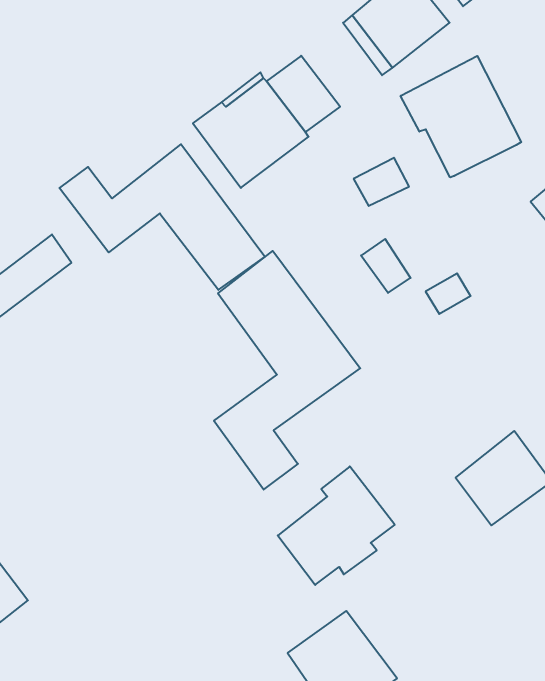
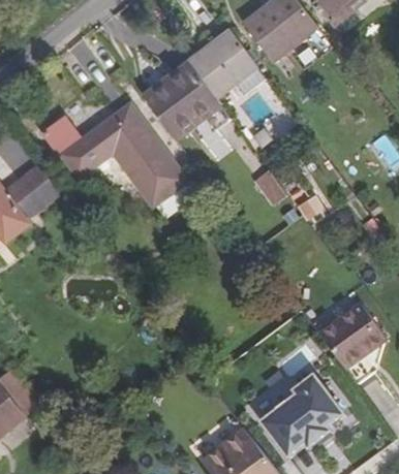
building: none -> [212,30,256,78]
building: [401,56,521,177] -> none
building: [214,251,360,490] -> none
building: [278,466,395,585] -> [259,373,340,454]

